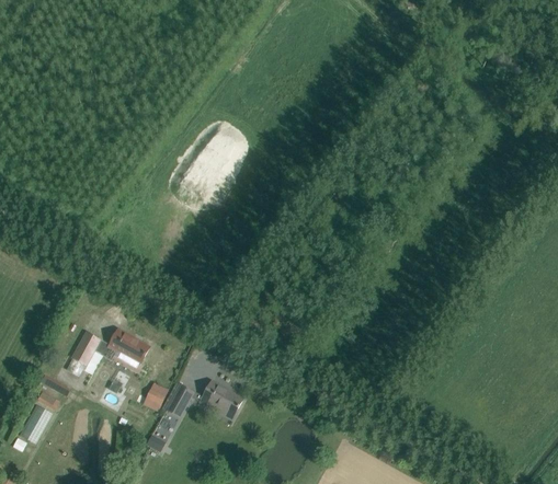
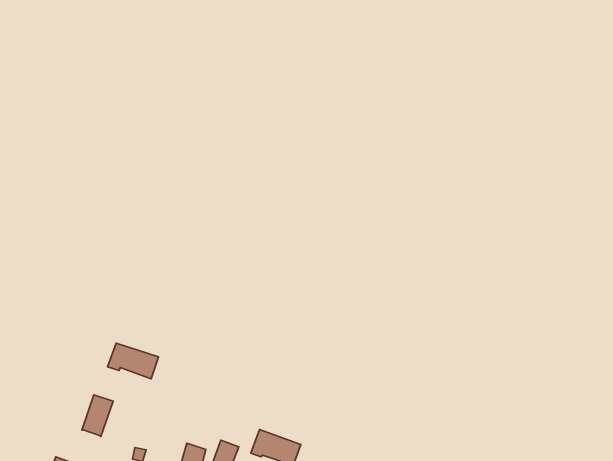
building: [107,330,149,362] -> [108,343,159,379]

